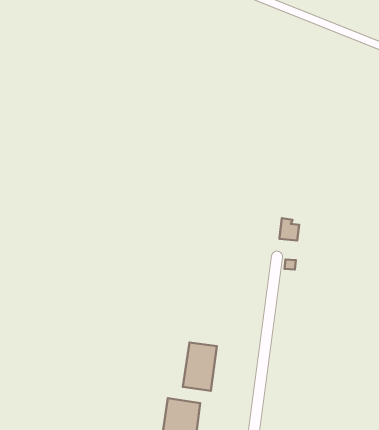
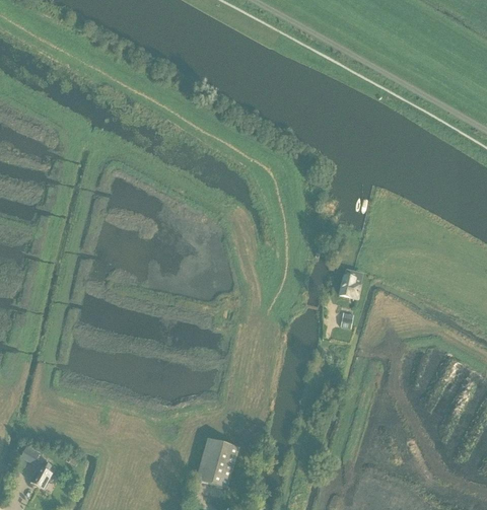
building: [183,343,217,391] -> none

